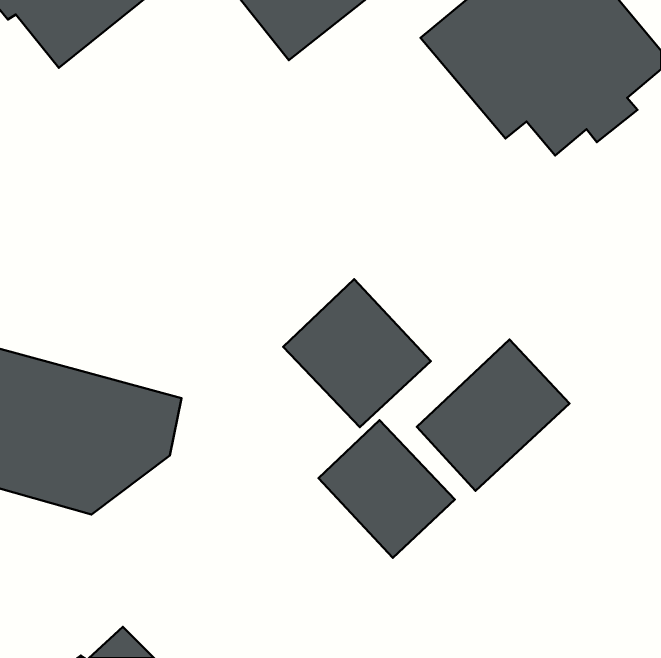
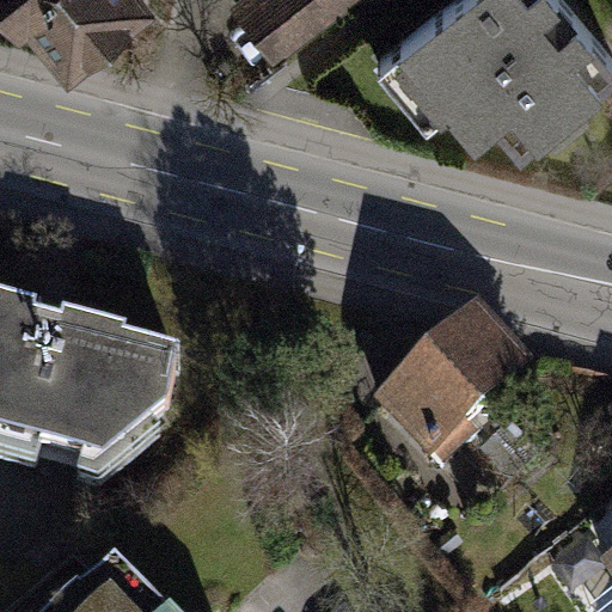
building: [283,279,431,427] -> none
building: [319,420,455,558] -> none

